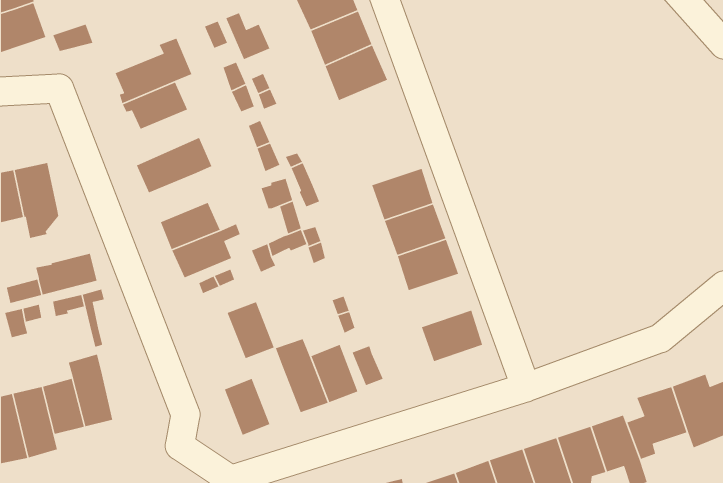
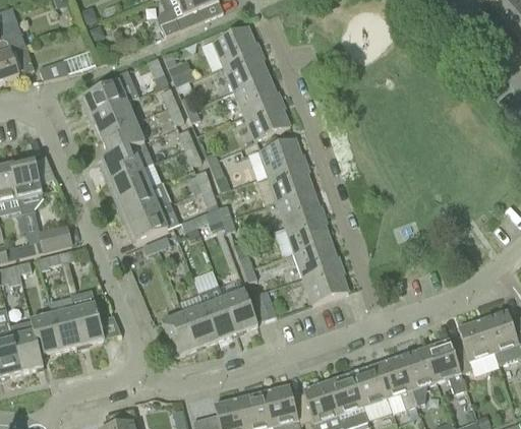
building: none -> [243,100,289,139]
building: none -> [98,121,143,161]
building: none -> [258,136,303,175]
building: none -> [107,167,150,201]
building: none -> [293,239,339,277]
building: [227,301,275,359] -> [181,305,216,347]
building: none -> [73,303,104,344]

